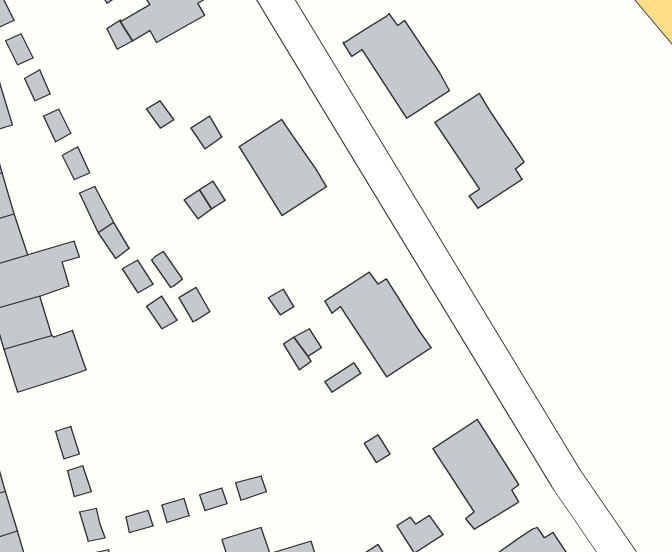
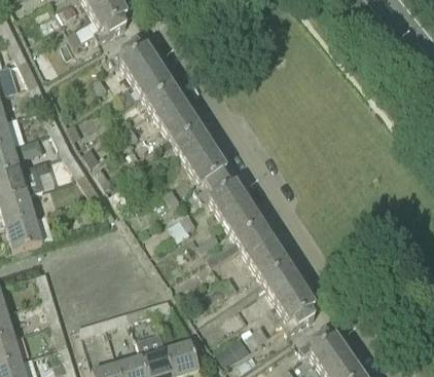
building: [343,13,449,118] -> [110,39,174,102]
building: [435,93,524,208] -> [174,125,227,194]
building: none -> [237,222,291,282]

